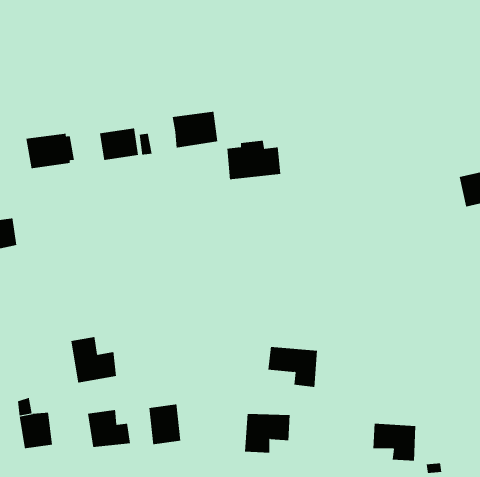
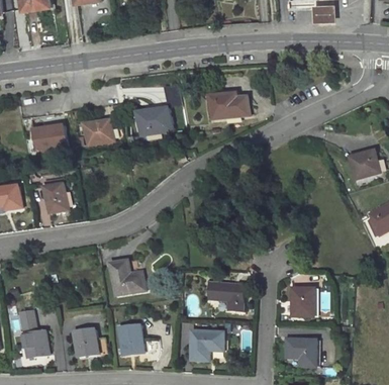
building: [226,140,281,180] -> [209,90,250,119]
building: none -> [44,184,70,214]
building: [71,337,117,383] -> [110,261,144,295]
building: none -> [291,288,314,316]

